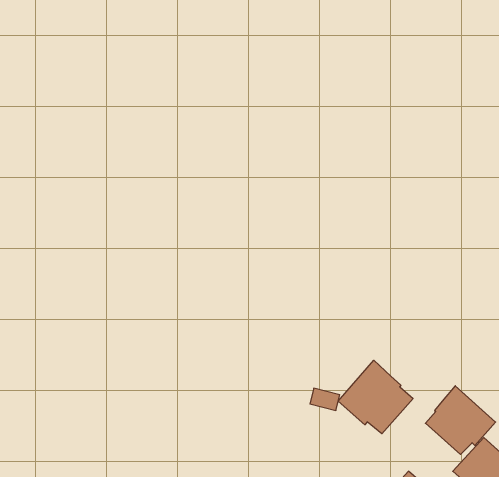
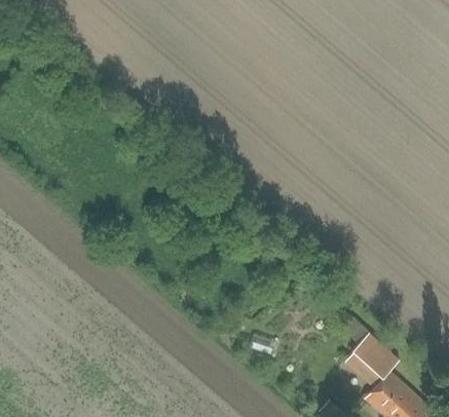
building: [338,360,413,434] -> none

